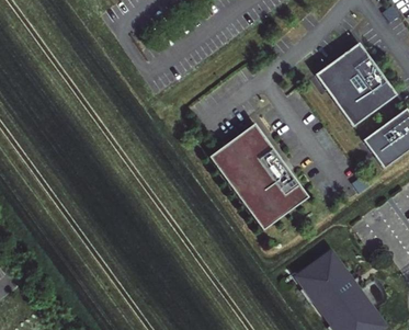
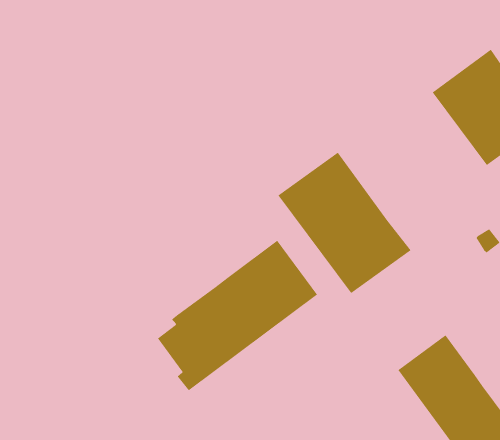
building: none -> [157,240,318,391]

